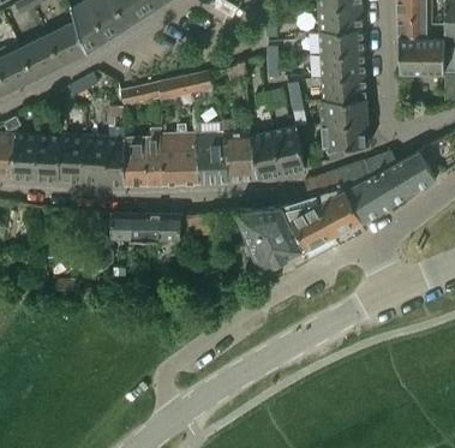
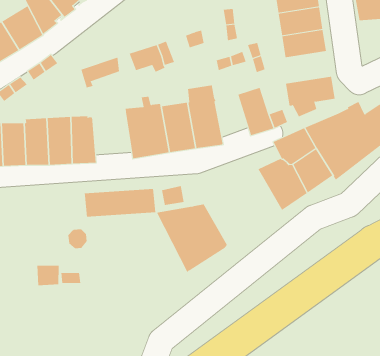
building: [321,97,375,125] -> none
building: [127,127,163,184] -> none
building: [251,131,282,179] -> none
building: [238,207,305,273] -> [156,204,228,273]

